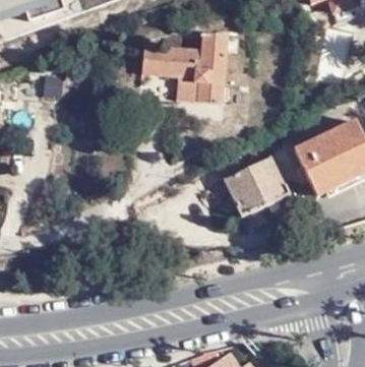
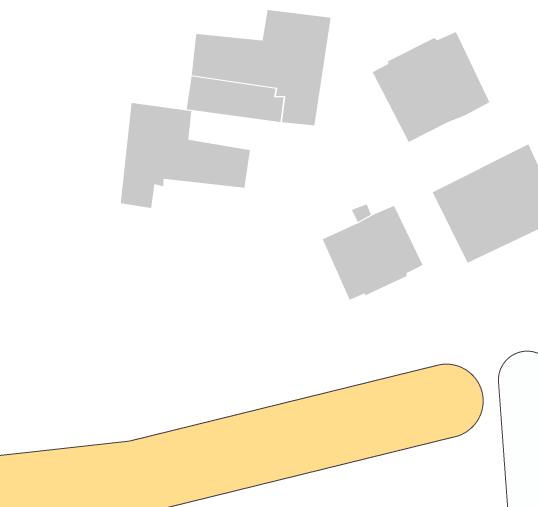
building: none -> [372,31,490,143]
building: none -> [120,102,251,209]

